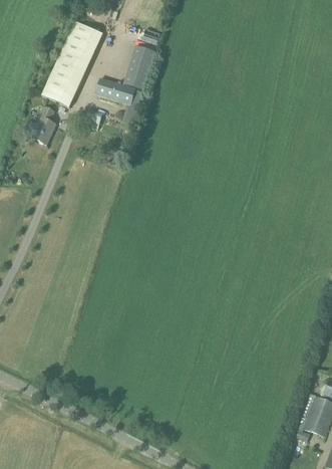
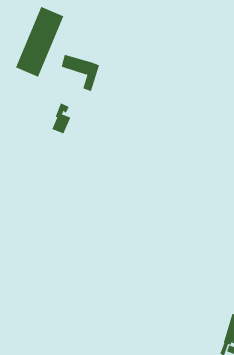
building: [125,45,156,89] -> none
building: [33,105,57,144] -> [51,103,71,134]

